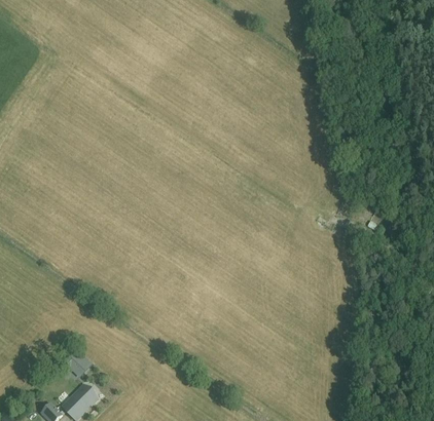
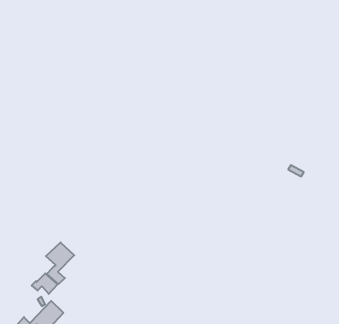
building: none -> [46,242,74,284]

